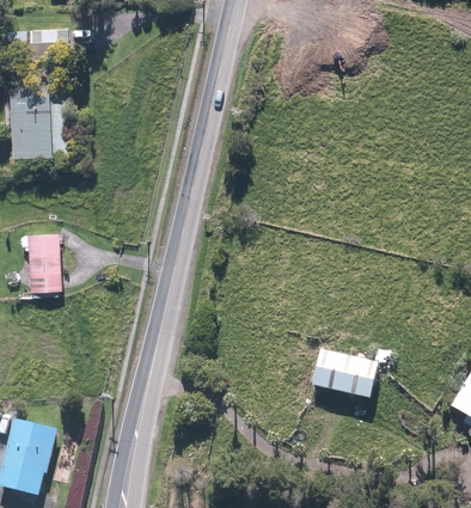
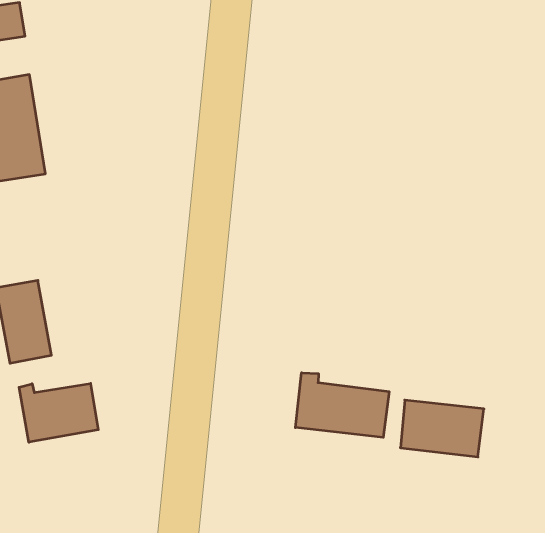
building: none -> [19,383,98,442]
building: none -> [295,373,389,437]

